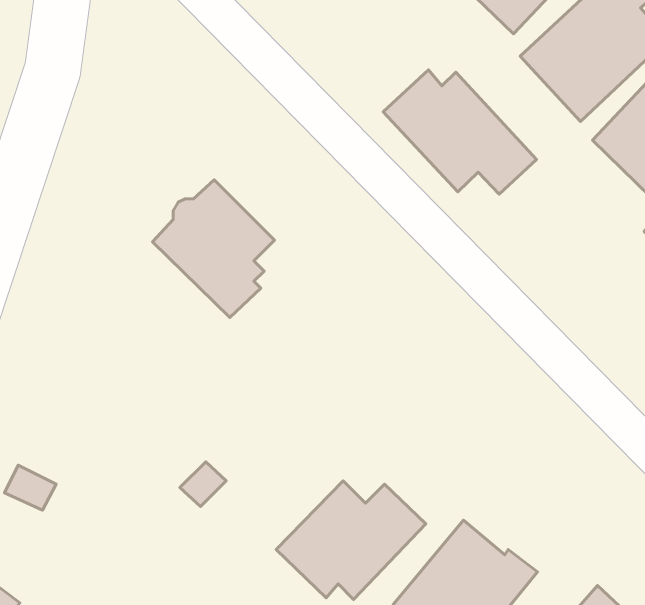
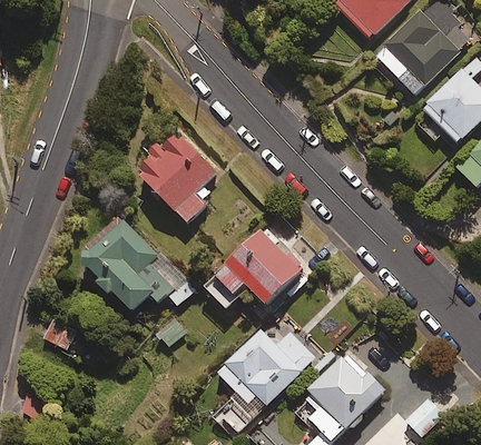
building: [383,70,537,194] -> none
building: none -> [75,217,195,312]
building: none -> [202,227,304,309]

